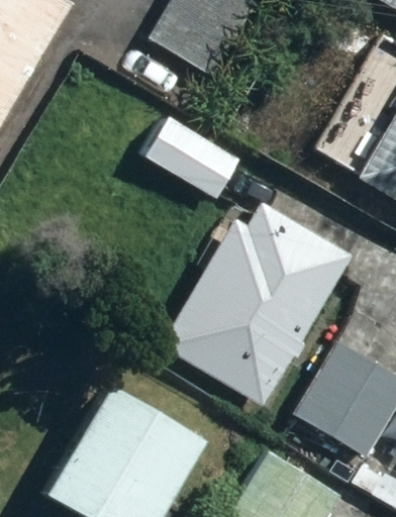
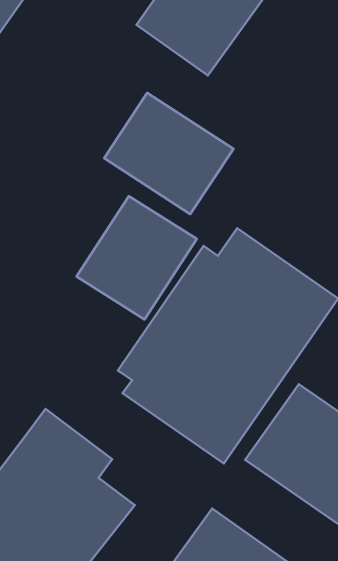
building: none -> [77,196,197,320]

